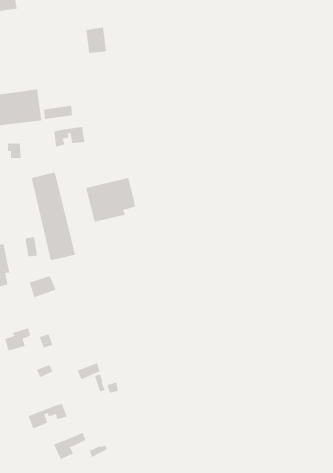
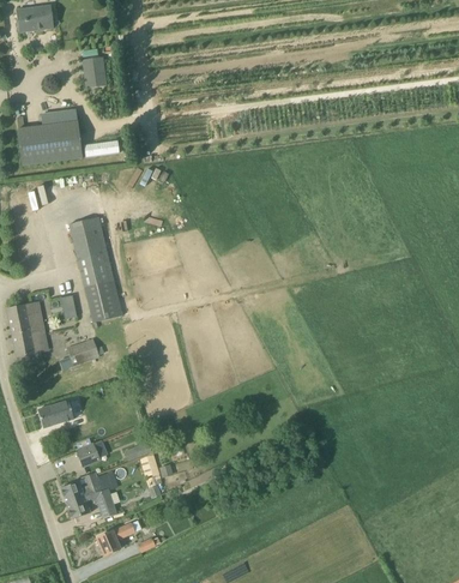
building: [85,27,107,54] -> [81,55,107,86]
building: [54,126,85,148] -> none
building: [86,177,135,222] -> none
building: none -> [60,471,101,503]

